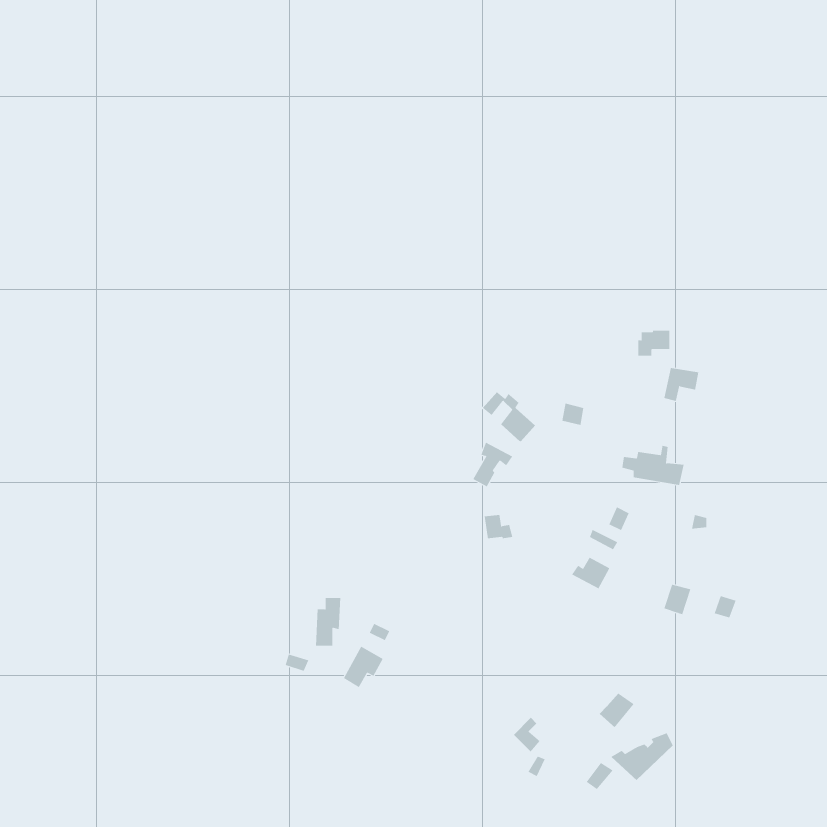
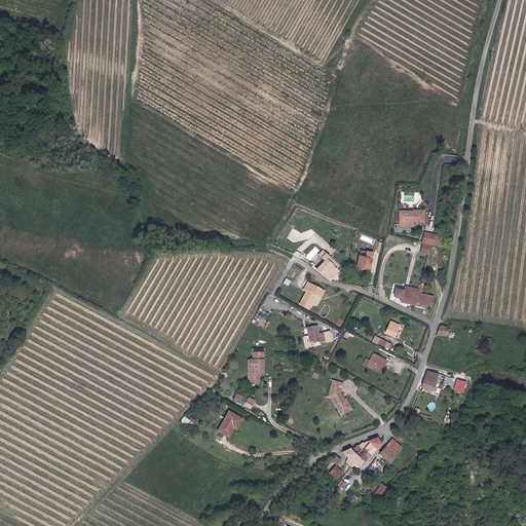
building: [315,598,341,646] -> [248,352,264,383]
building: none -> [328,380,352,415]
building: [611,732,674,781] -> [342,436,382,466]

